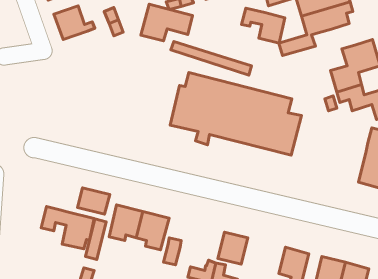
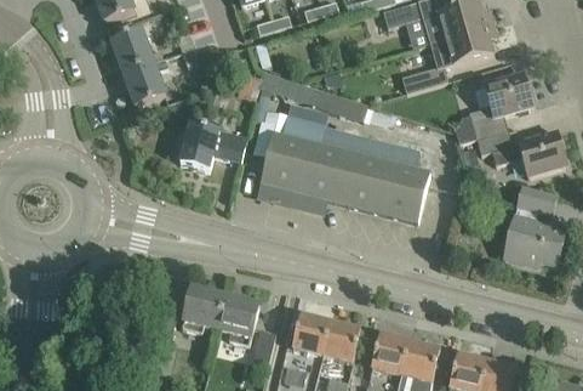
building: [141,4,192,41] -> [178,121,245,169]
building: [242,8,285,43] -> none
building: none -> [121,61,165,106]
building: [77,188,110,214] -> none
building: [41,207,94,249] -> none
building: none -> [291,313,330,355]
building: none -> [370,333,408,374]

